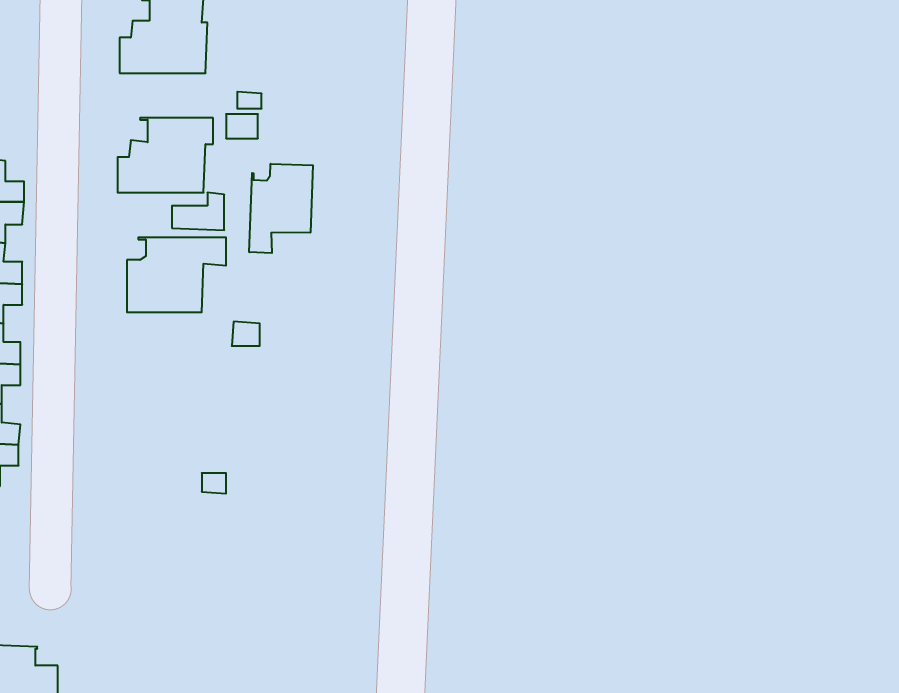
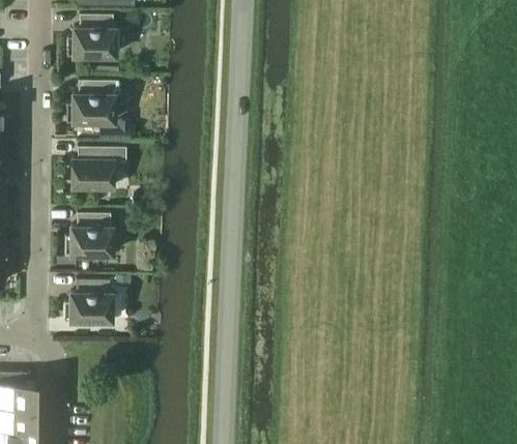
building: [249,164,313,253] -> none
building: none -> [64,215,113,257]
building: none -> [63,282,111,323]

